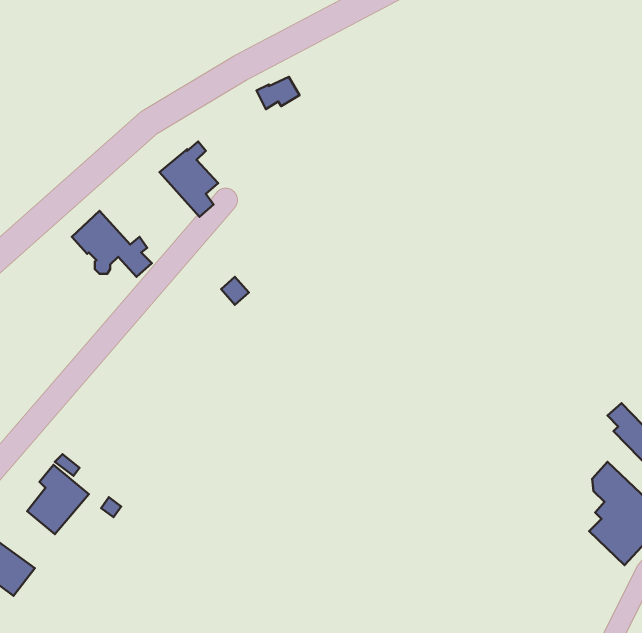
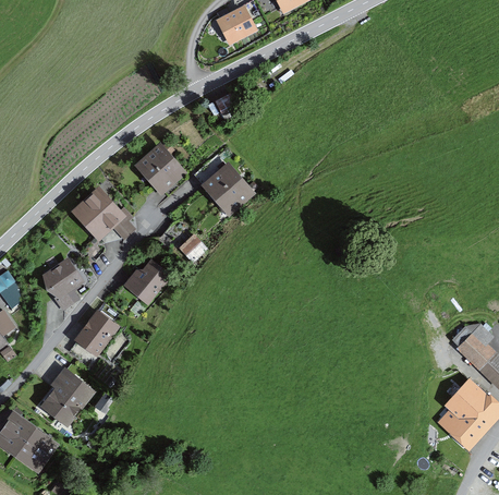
building: none -> [195,155,248,210]
building: none -> [45,262,77,310]
building: none -> [117,265,165,304]
building: none -> [70,315,112,367]

